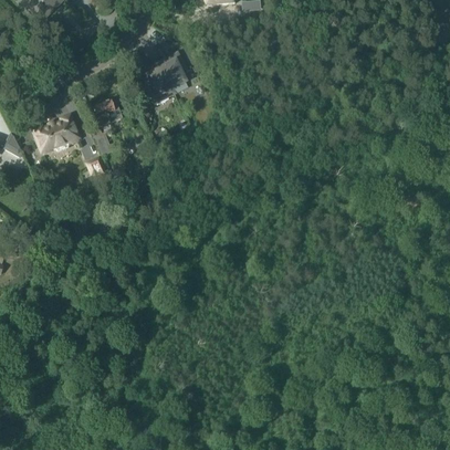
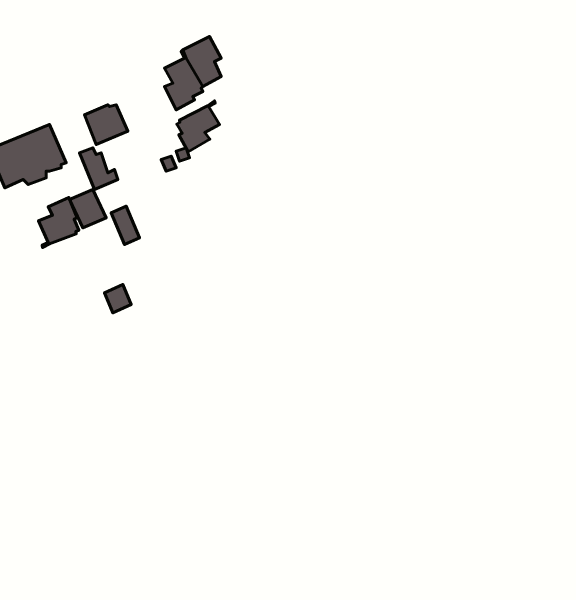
building: none -> [177,101,219,152]
building: none -> [39,197,79,248]

